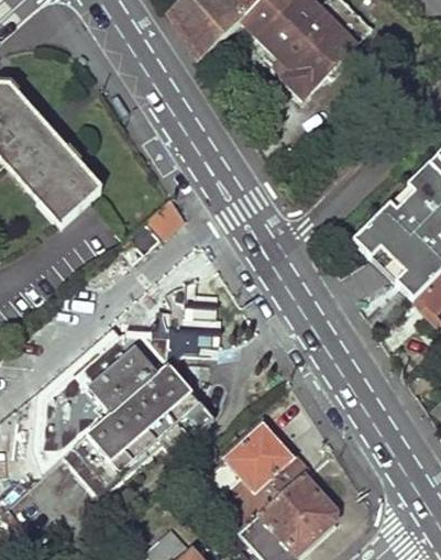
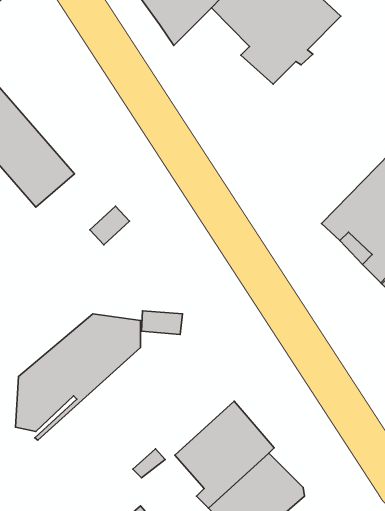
building: [65,365,214,497] -> none

